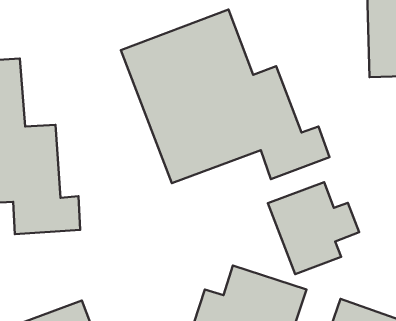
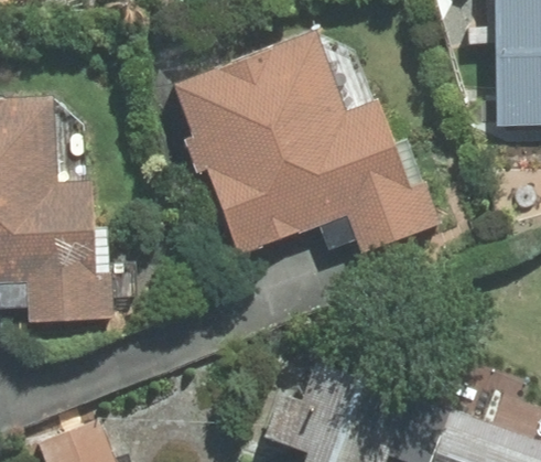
building: [268,182,359,274] -> none

